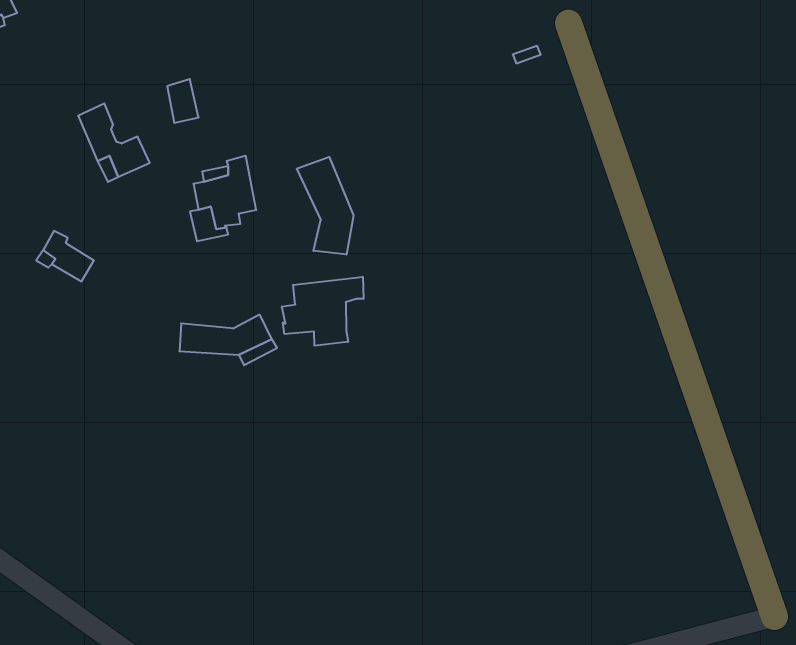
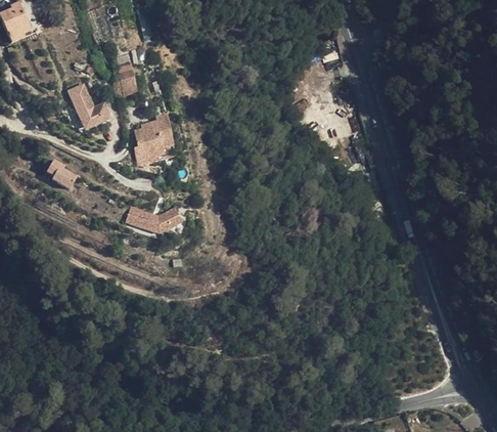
building: [297,157,354,255] -> none
building: [282,277,363,346] -> none

